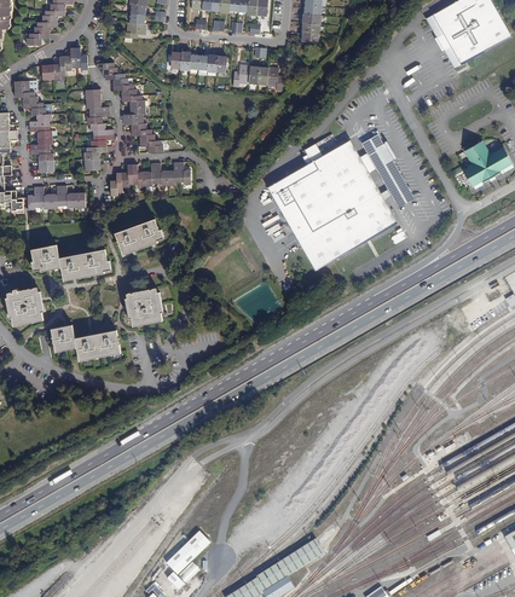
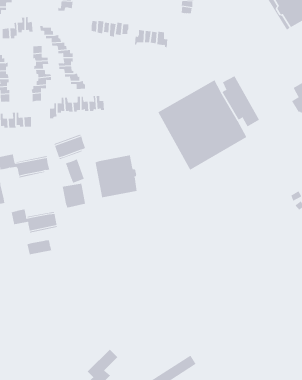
building: none -> [95,154,137,198]
building: none -> [66,158,85,184]
building: none -> [27,239,52,255]

